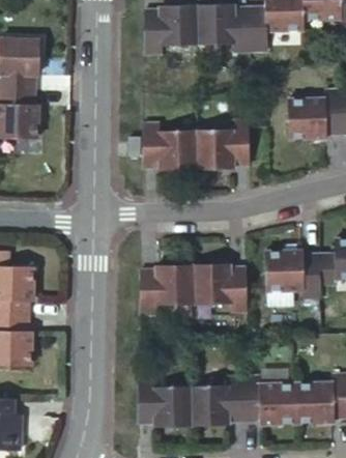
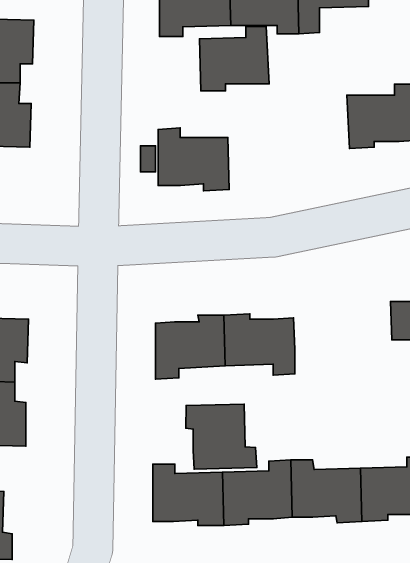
building: [192,121,244,170] -> [199,26,269,91]
building: [261,251,316,297] -> none
building: none -> [186,404,257,469]

